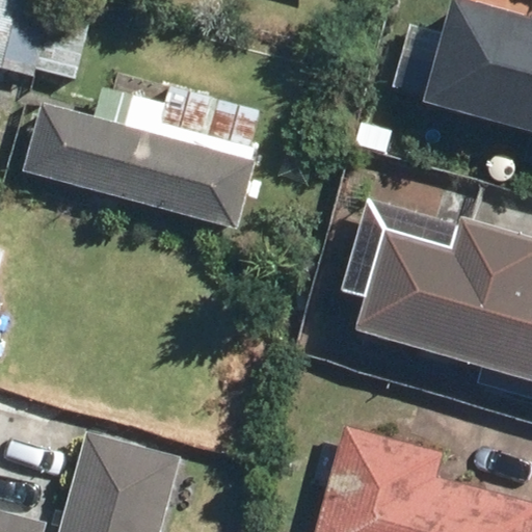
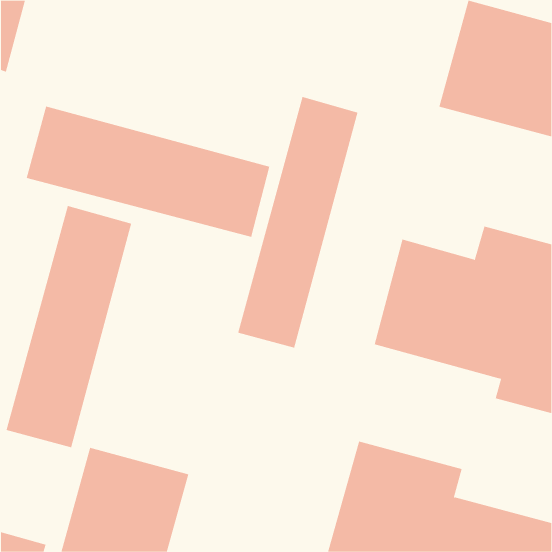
building: none -> [237,96,358,349]
building: none -> [6,205,132,448]

